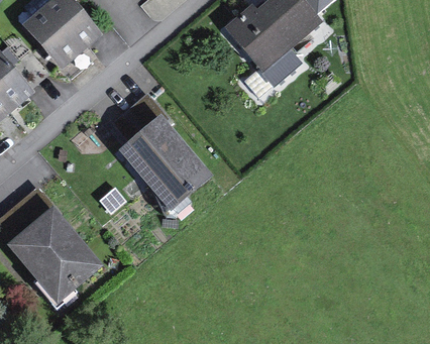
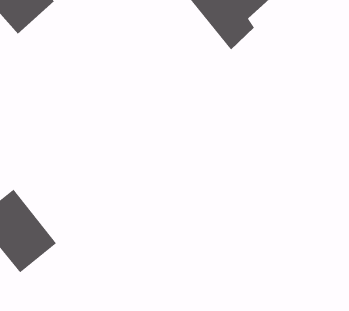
building: [130,124,209,207] -> none

